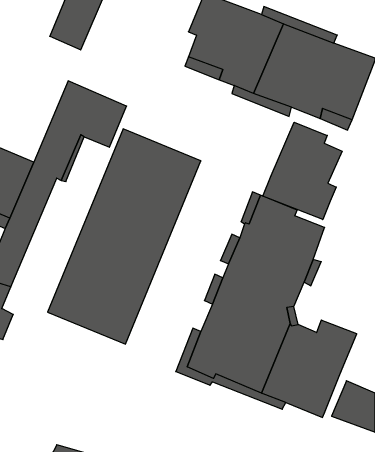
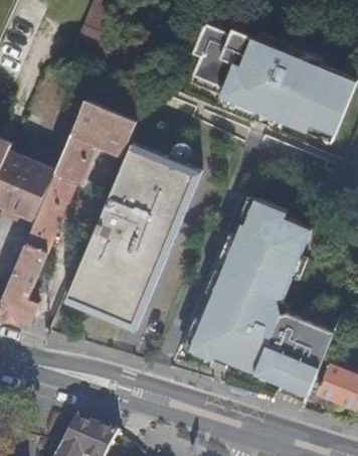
building: [263,122,342,220] -> none

